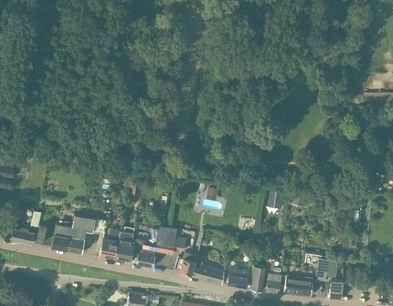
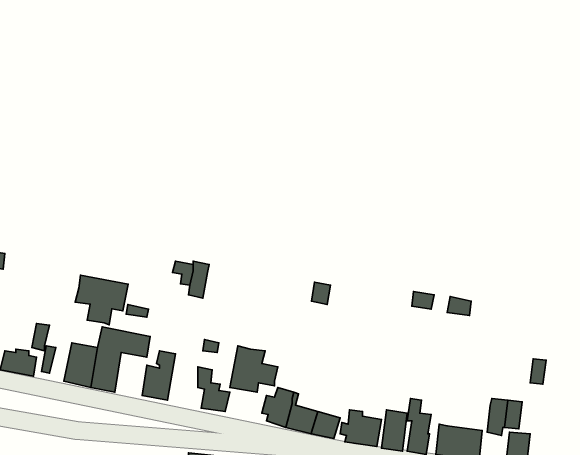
building: none -> [75,275,128,325]
building: [116,230,134,262] -> none

